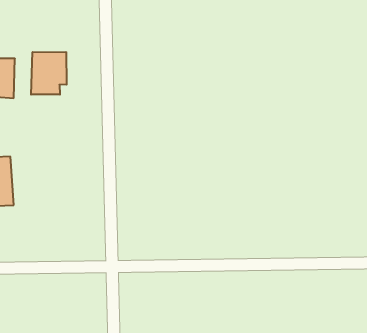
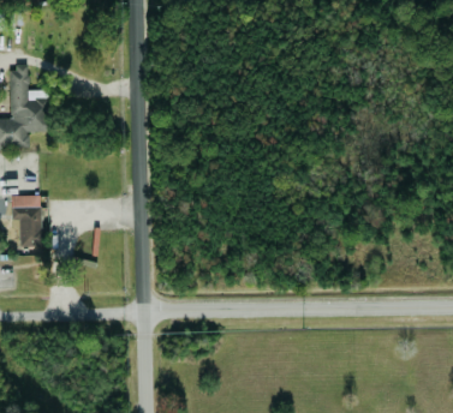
building: [31,52,67,95] -> none

